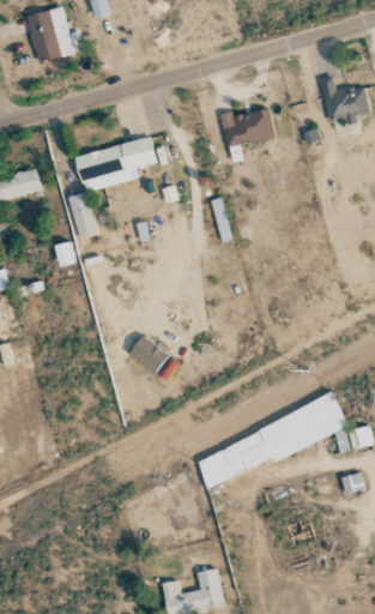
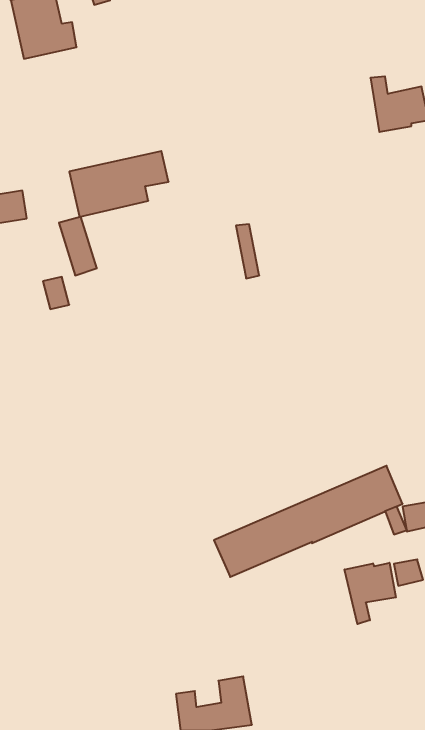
building: [224,108,276,146] -> none
building: [128,335,170,374] -> none
building: none -> [345,563,396,624]

